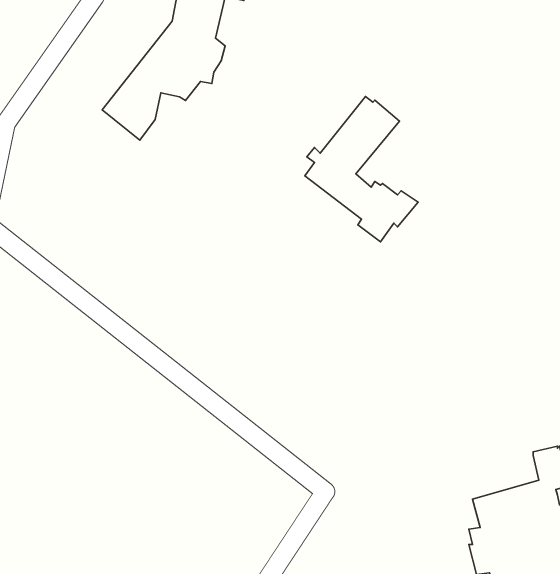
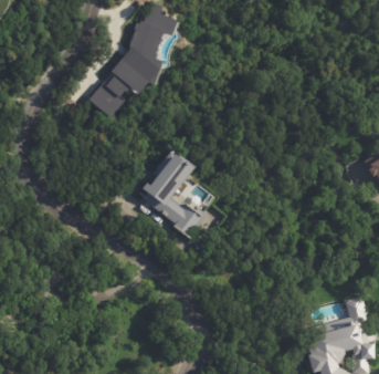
building: [305,96,418,242] -> [144,152,210,237]

